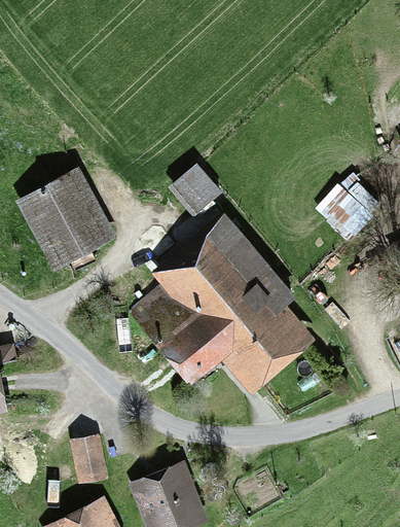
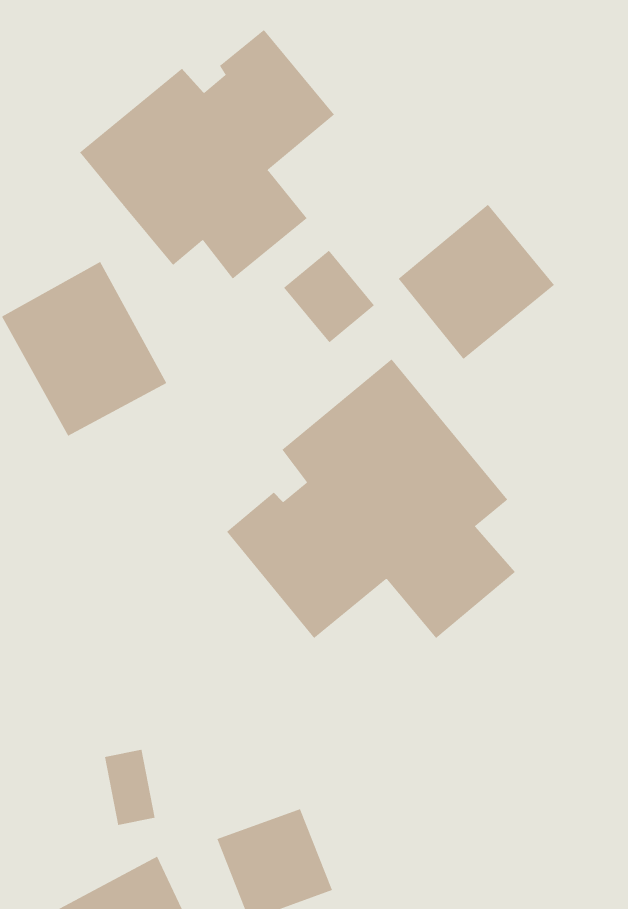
building: none -> [79,29,335,280]
building: none -> [398,204,555,360]

